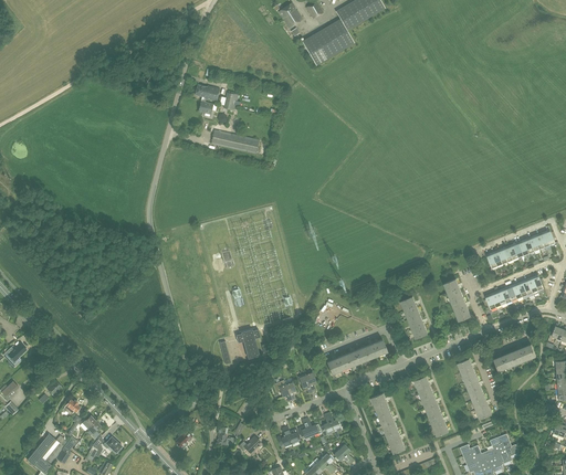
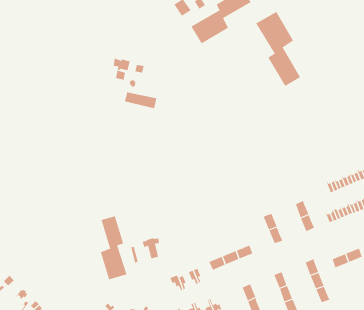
building: none -> [256,11,301,87]
building: none -> [100,215,127,280]

